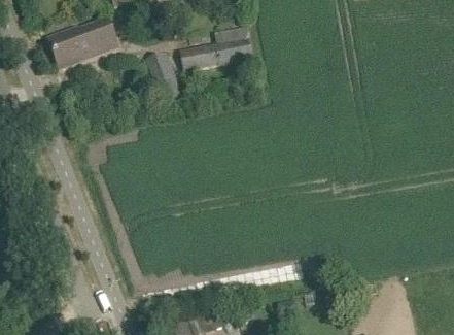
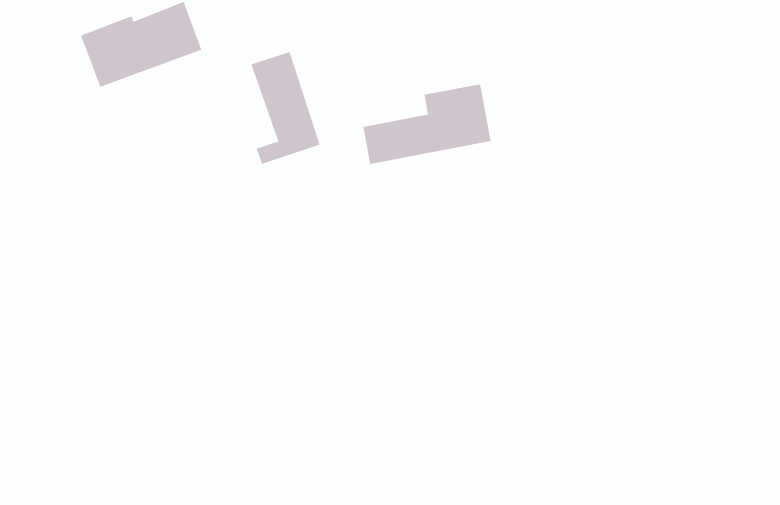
building: [177,23,251,69] -> [362,84,492,164]

